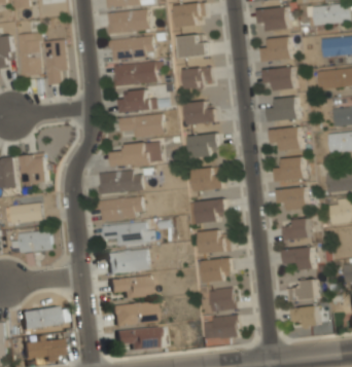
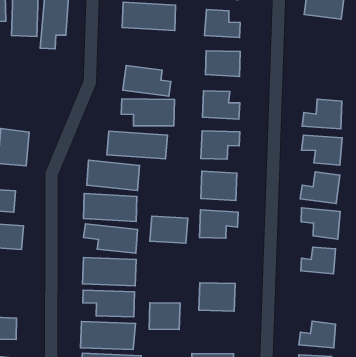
building: [262,37,292,60] -> none
building: [112,62,162,84] -> none
building: [265,66,298,90] -> none
building: [199,230,230,253] -> [150,216,188,243]
building: [284,247,315,269] -> none
building: [209,287,236,311] -> [149,303,180,329]

